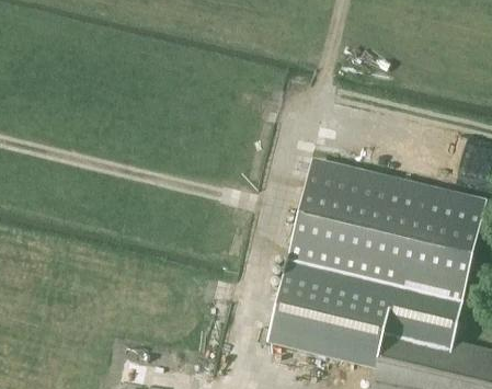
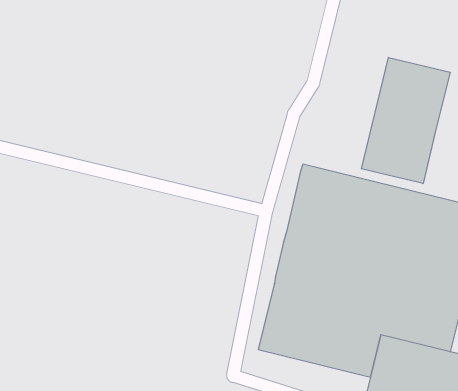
building: none -> [361,57,450,184]

